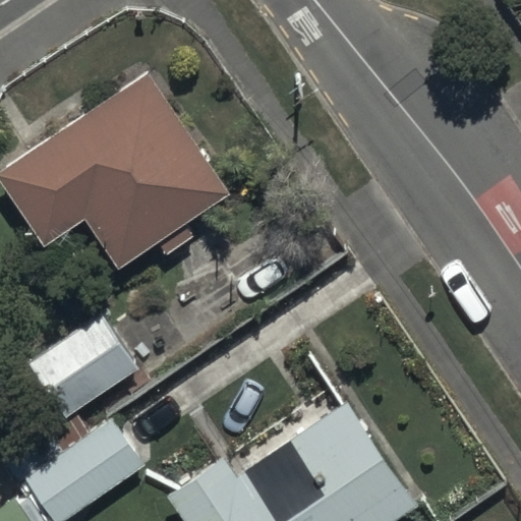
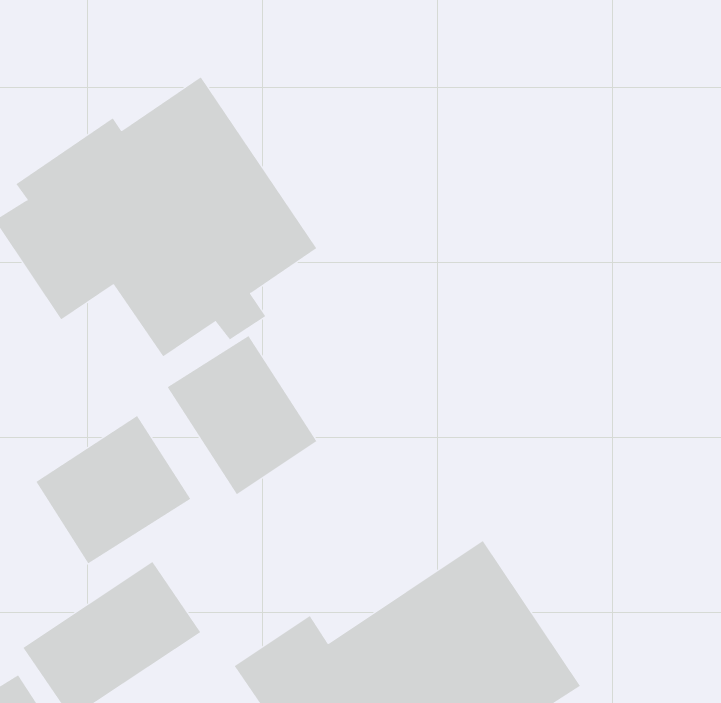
building: none -> [167,335,317,495]

